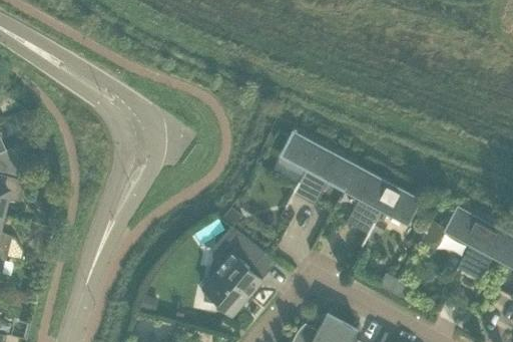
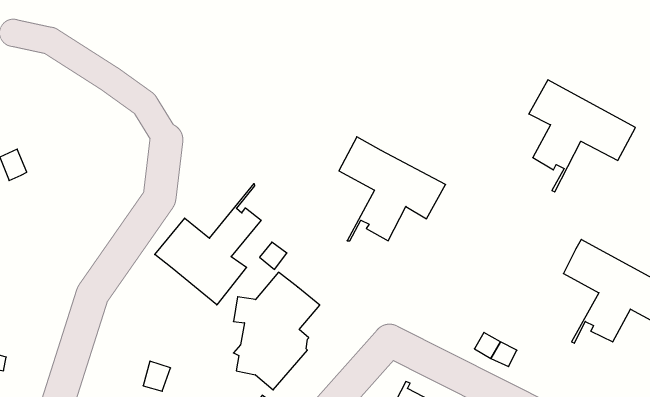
building: none -> [155,184,261,305]
building: [344,166,422,249] -> [529,80,635,192]

